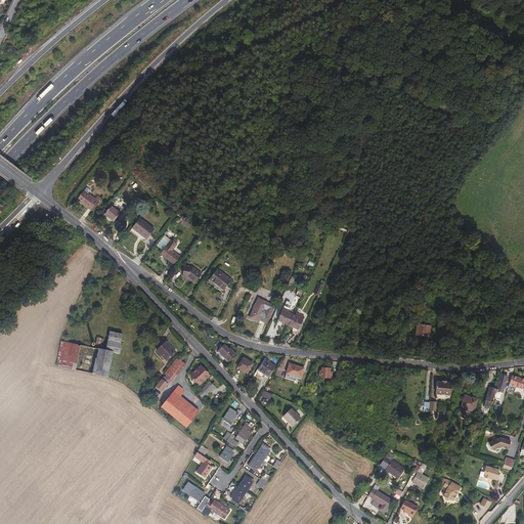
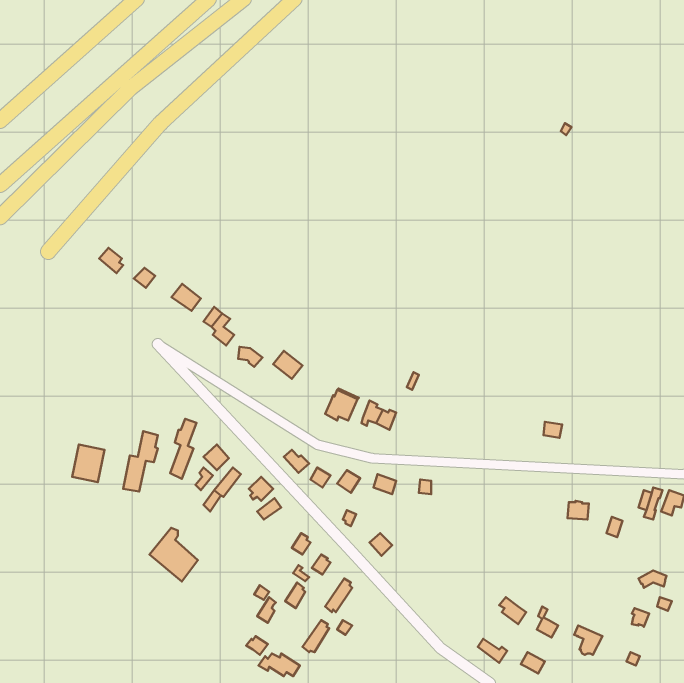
building: none -> [170,419,197,479]
building: [161,386,198,427] -> [150,528,198,581]

